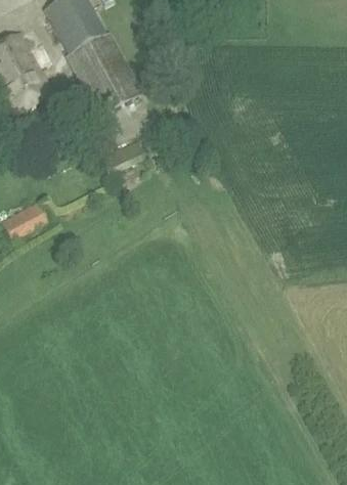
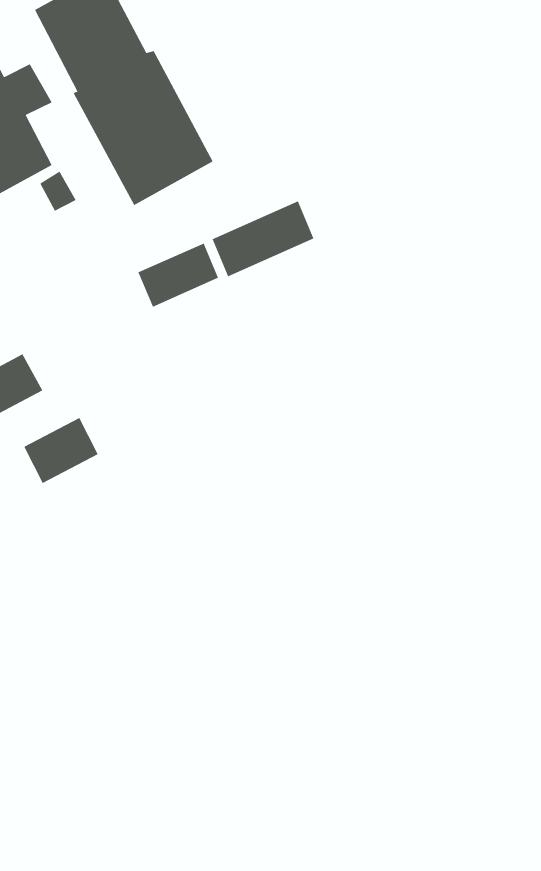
building: none -> [212,201,314,277]
building: none -> [23,417,98,484]

